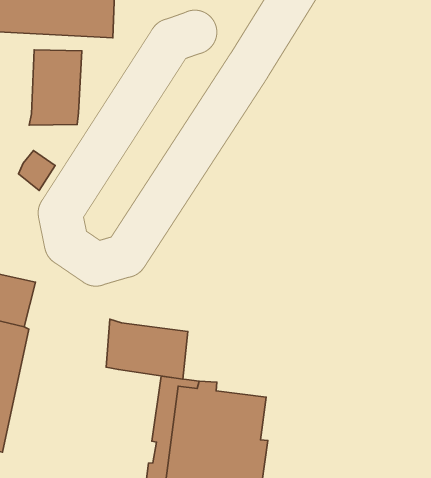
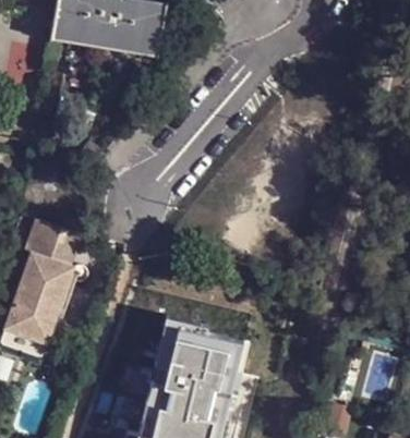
building: [29,50,82,125] -> none
building: [106,319,188,379] -> none

